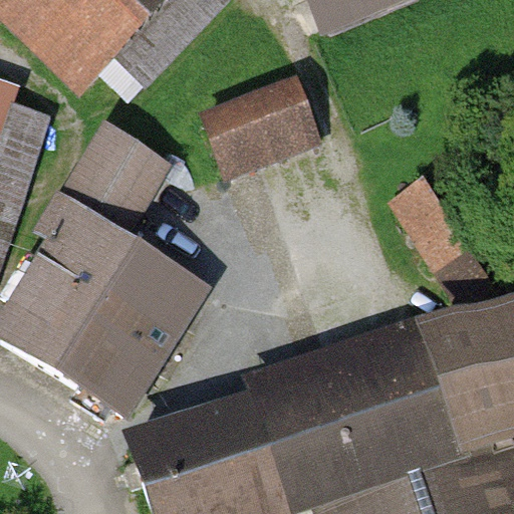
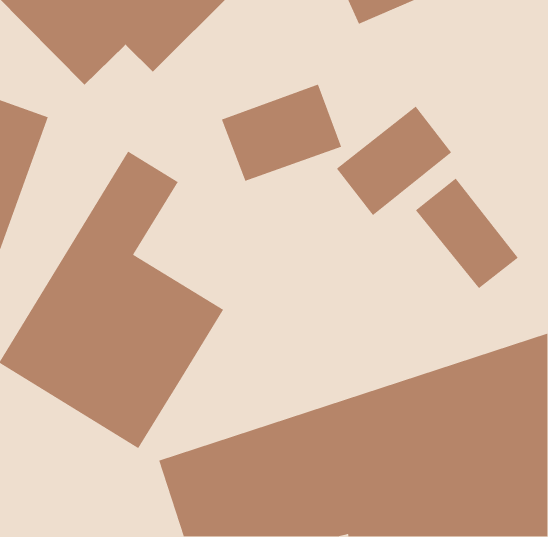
building: none -> [336,105,452,216]

